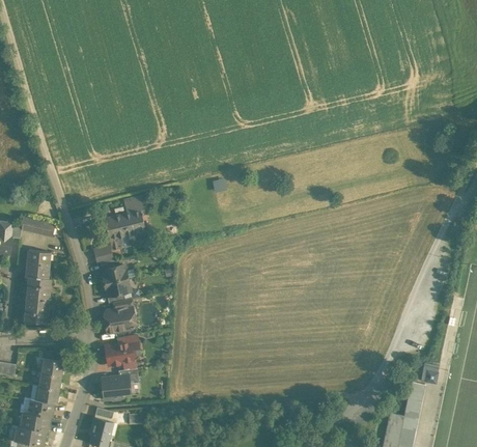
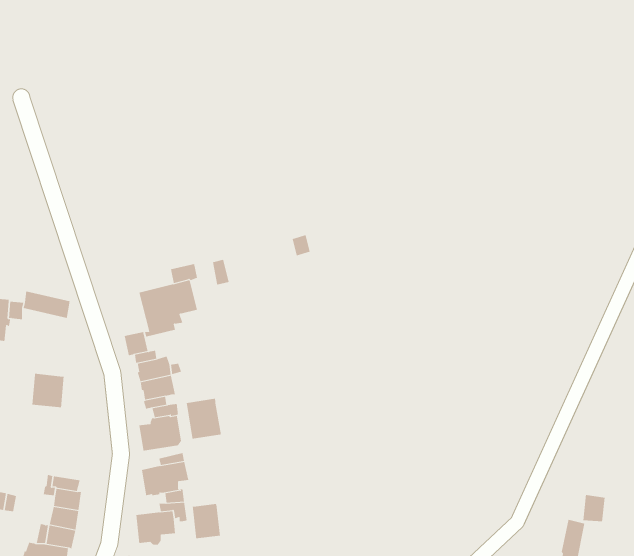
building: [25,250,50,279] -> none
building: none -> [186,398,222,440]
building: [23,300,48,324] -> none
building: none -> [192,503,220,539]

